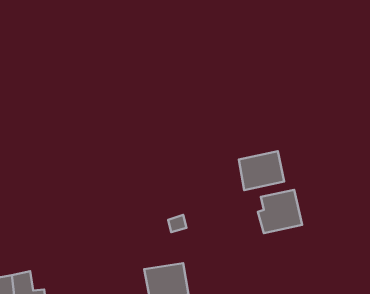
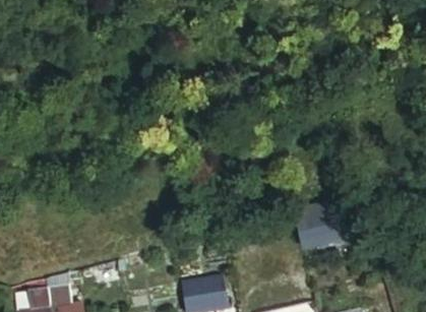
building: [239,151,284,190] -> none

